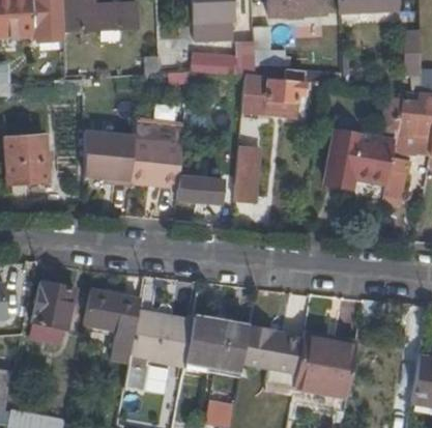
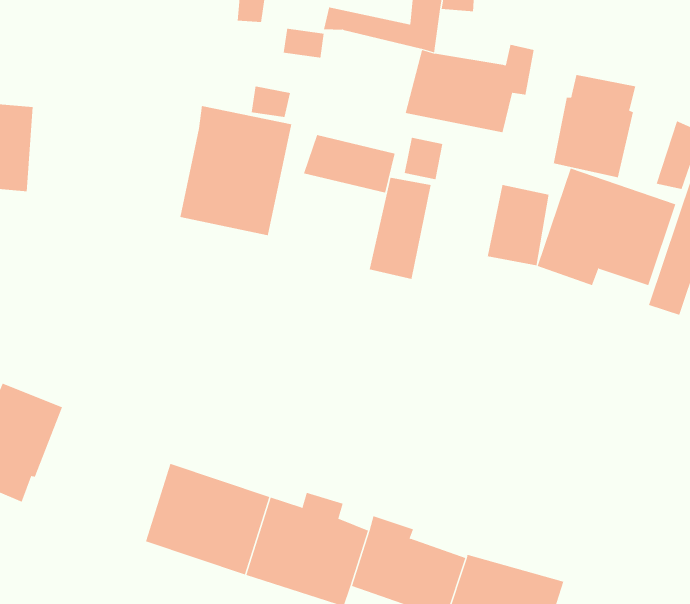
building: none -> [553,74,636,178]
building: [80,130,132,184] -> none
building: none -> [487,184,549,266]
building: [176,175,224,201] -> [303,135,395,193]
building: [88,292,144,366] -> none

